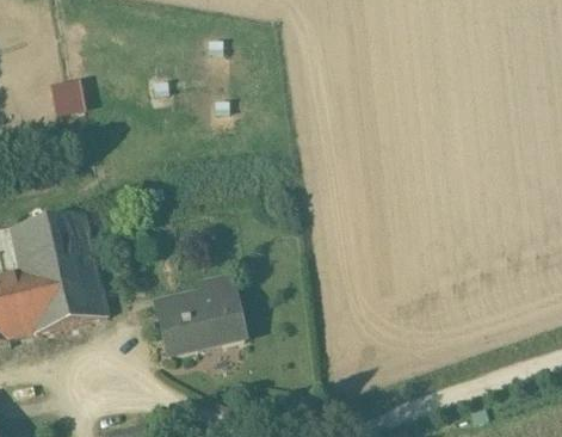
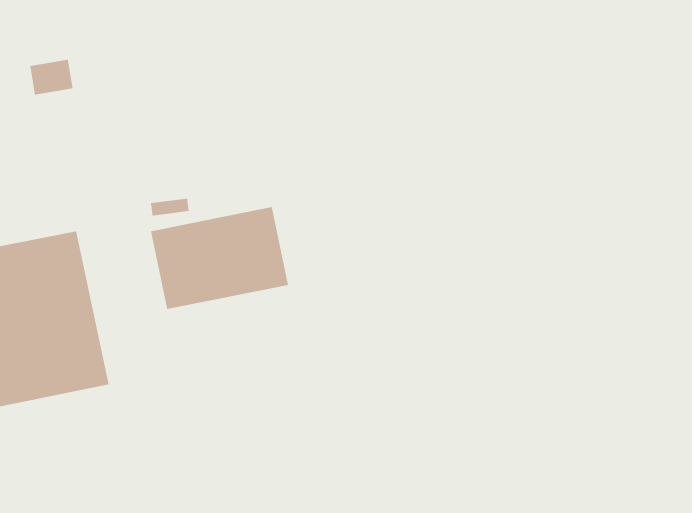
building: [149,283,251,358] -> [150,207,289,310]

